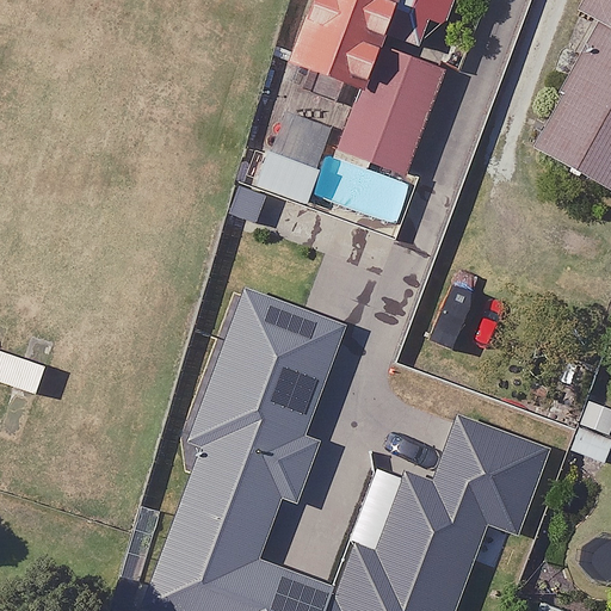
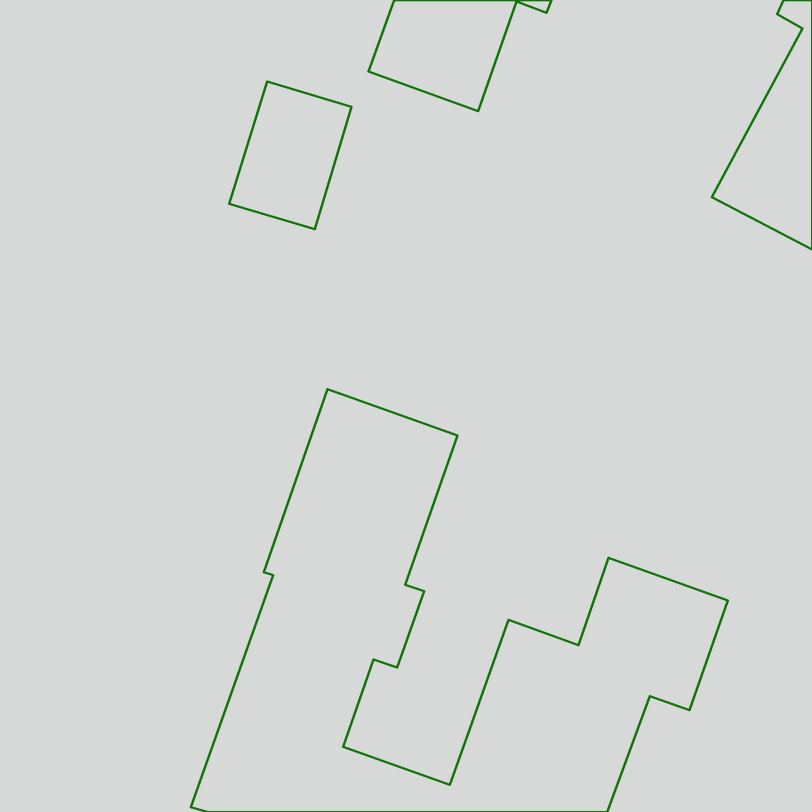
building: [337,44,444,173] -> none
building: [246,90,338,200] -> [229,81,352,229]

